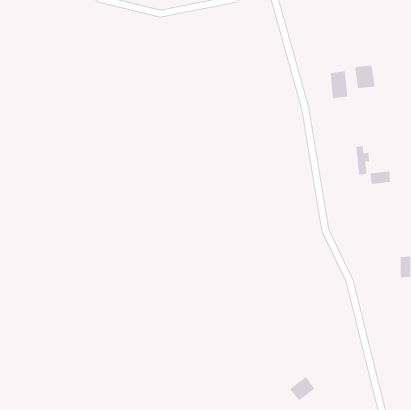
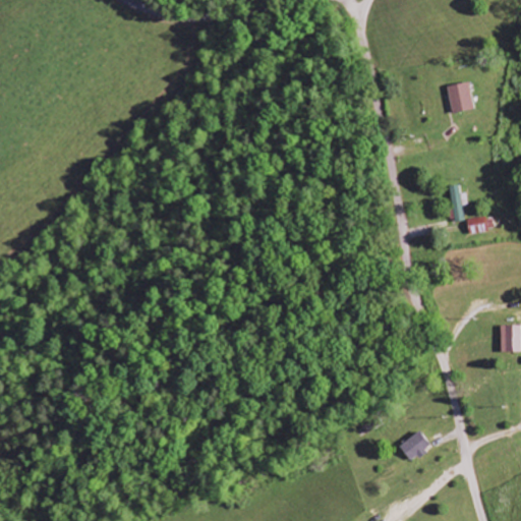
building: [330,71,348,99] -> none
building: [289,376,315,401] -> [398,430,430,462]

